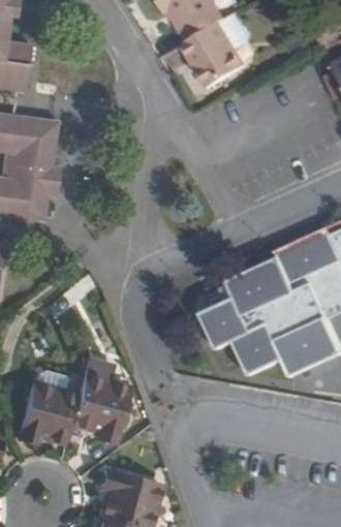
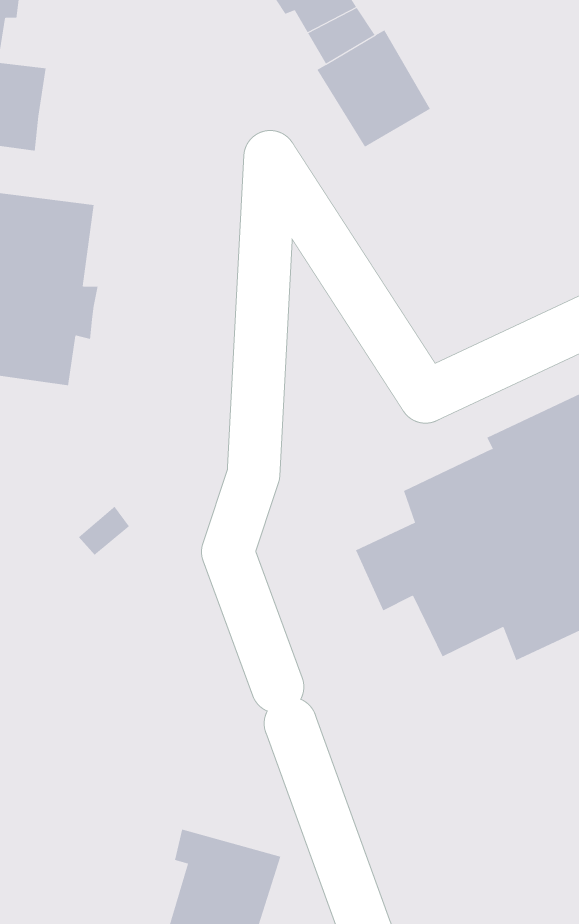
building: [19,358,130,441] -> none

